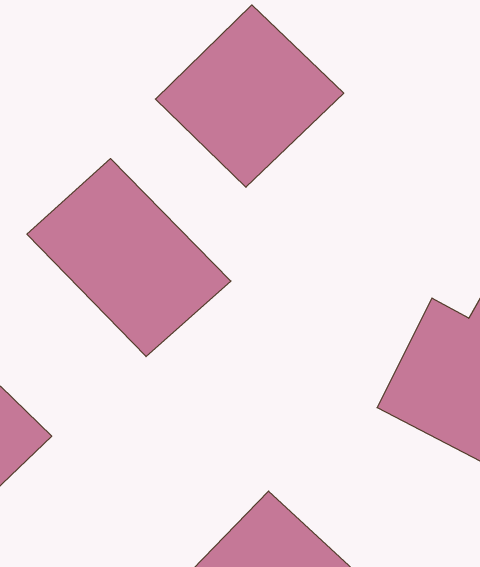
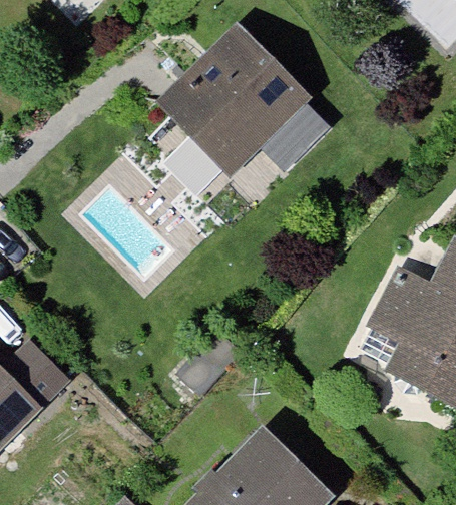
building: [27,159,231,357] -> none

